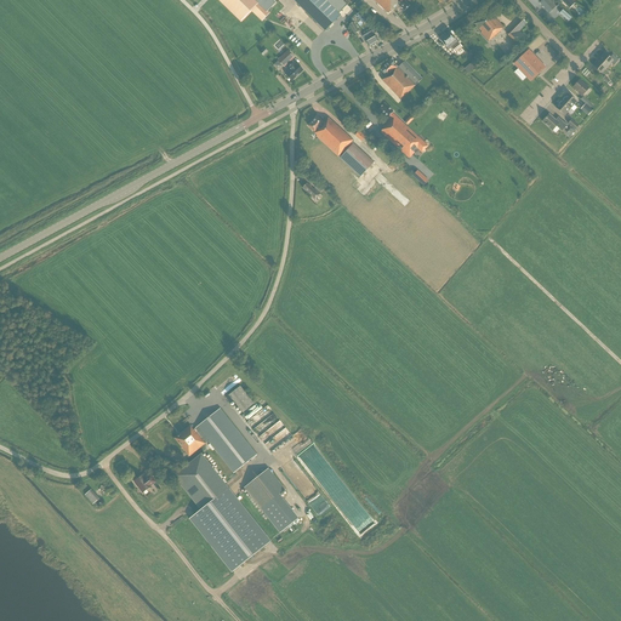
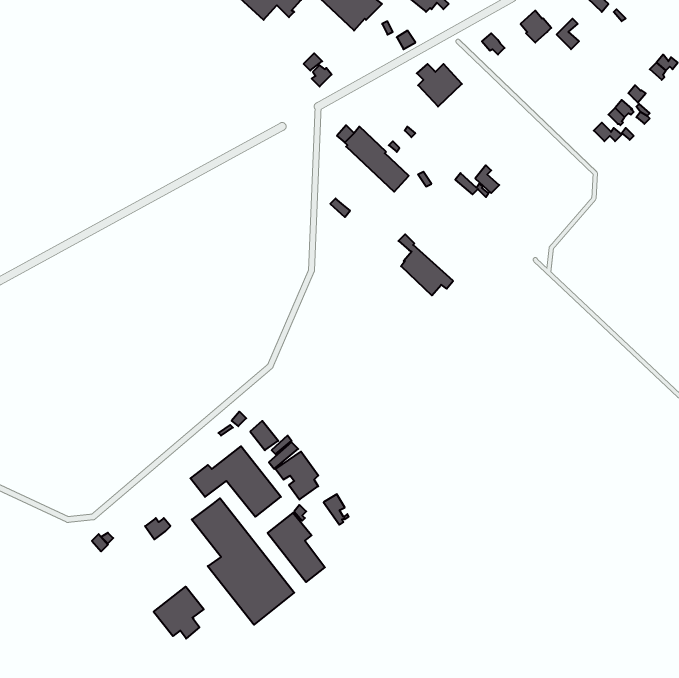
building: [512,46,545,80] -> none
building: [377,101,427,156] -> [398,234,453,295]
building: none -> [154,587,204,639]

